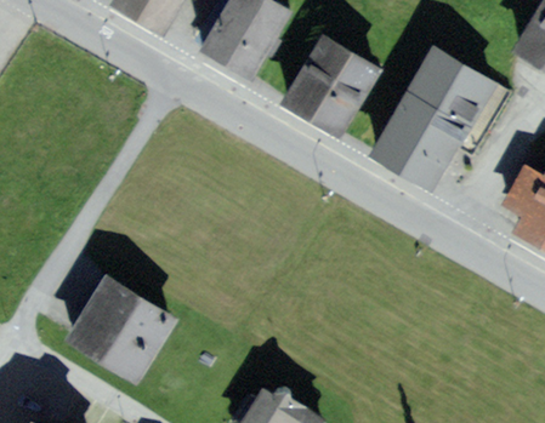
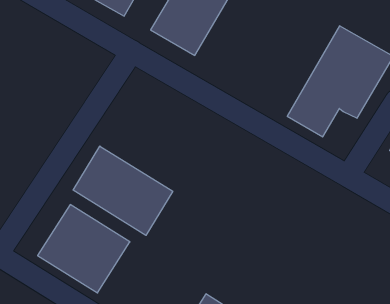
building: [277,34,385,143] -> none
building: none -> [73,146,173,235]

